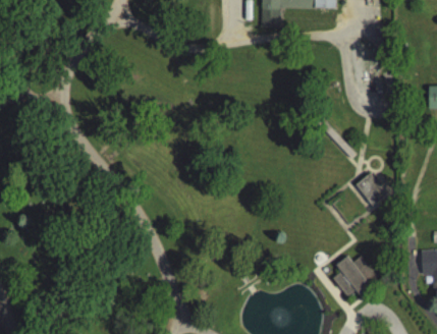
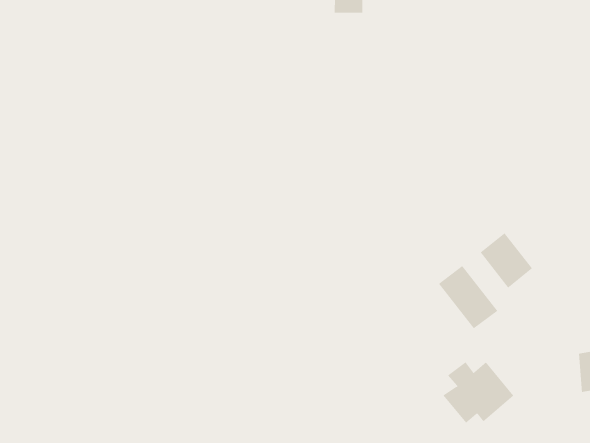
building: none -> [438,265,498,329]

